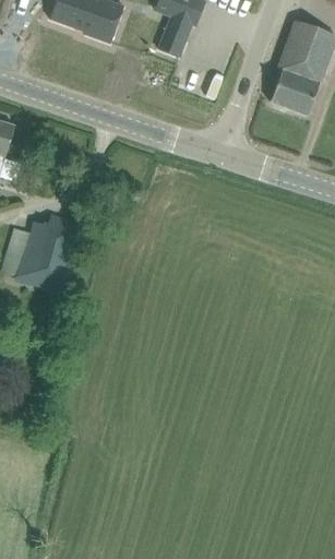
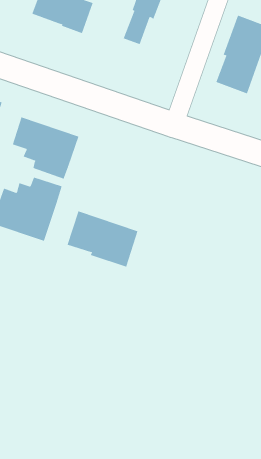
building: none -> [12,116,79,180]
building: none -> [67,211,138,268]

